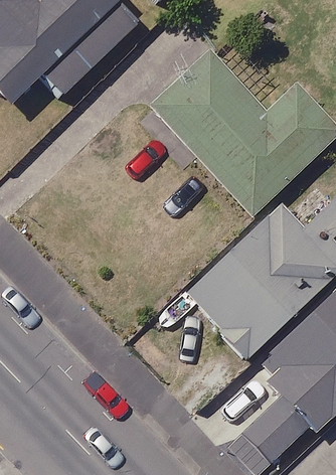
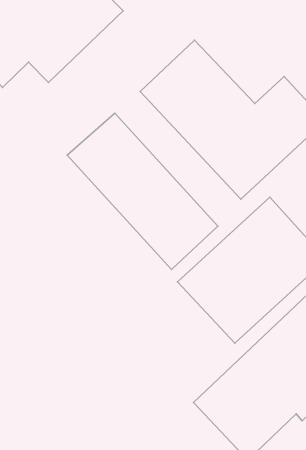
building: none -> [67,113,218,269]

